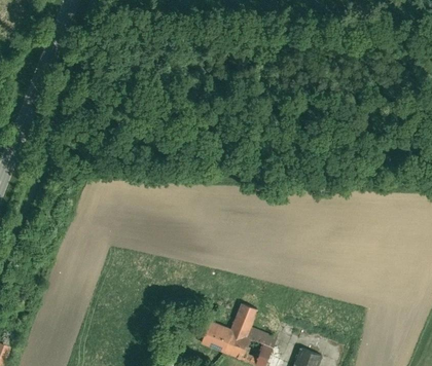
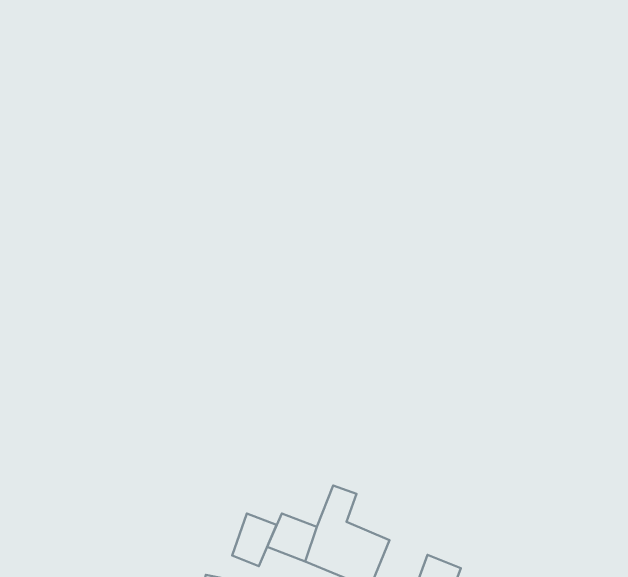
building: none -> [232,513,276,566]

